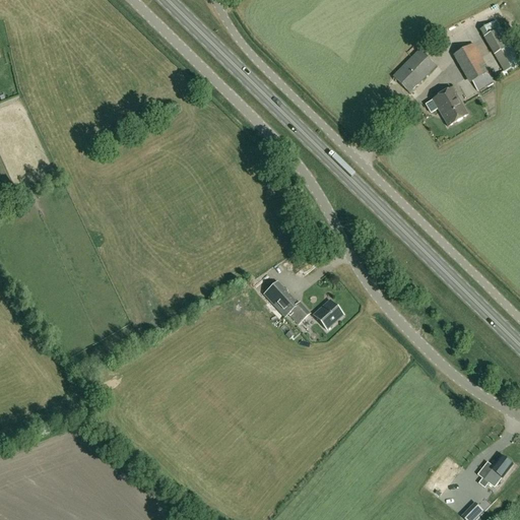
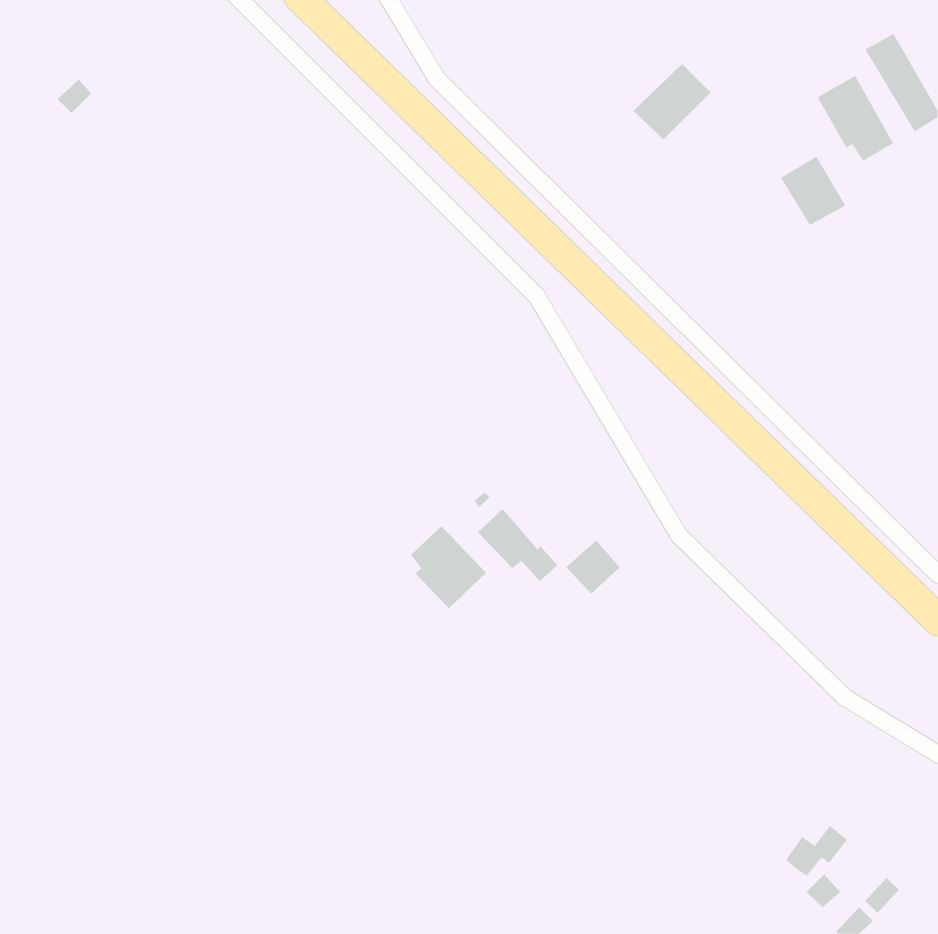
building: [392,49,436,91] -> [632,63,711,140]
building: none -> [410,526,487,609]
building: [478,455,513,483] -> [785,825,848,876]

